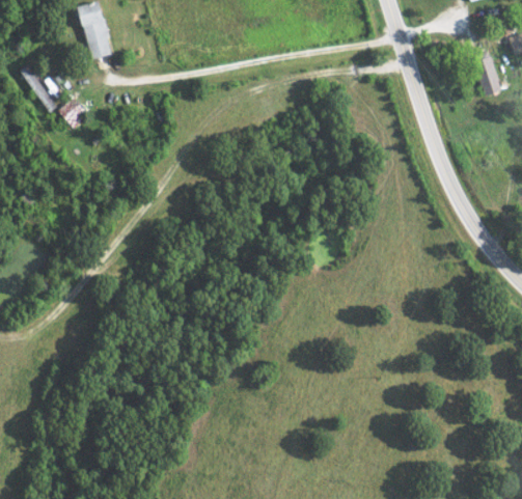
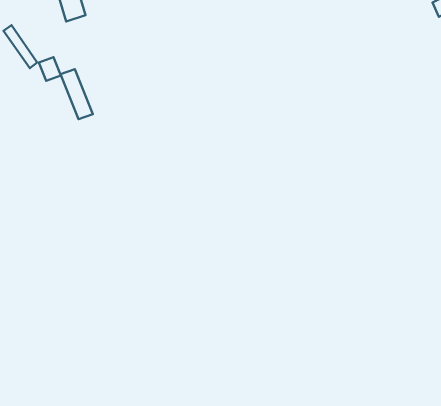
building: [474,51,500,94] -> none
building: none -> [60,69,93,119]

